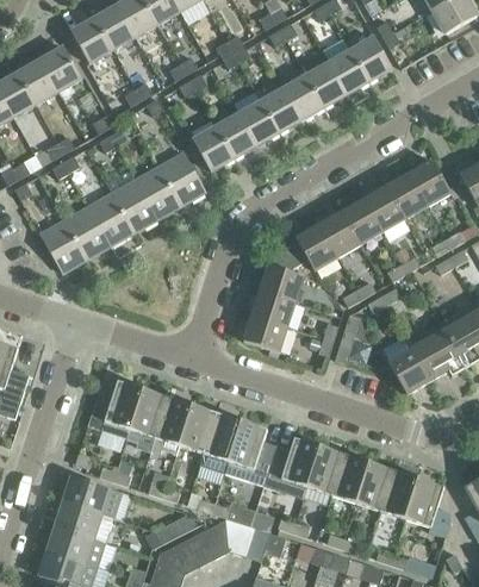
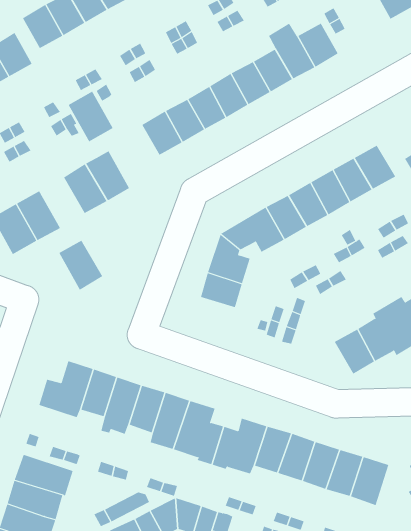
building: [158,152,205,205] -> [68,91,113,142]
building: [88,194,133,245] -> [59,240,103,290]
building: [243,316,287,352] -> none

